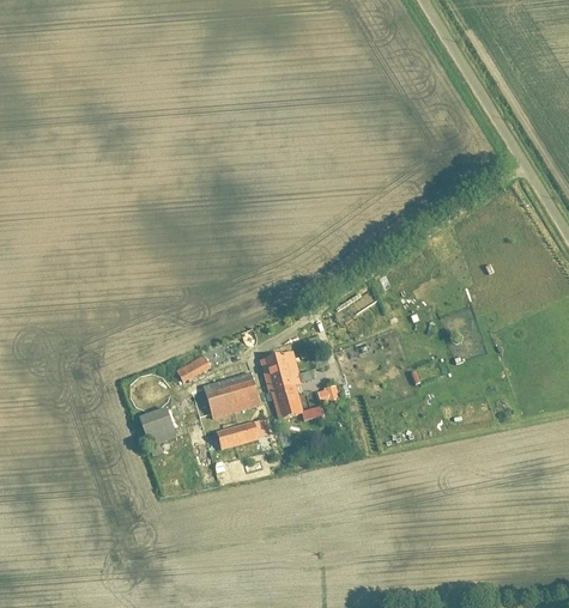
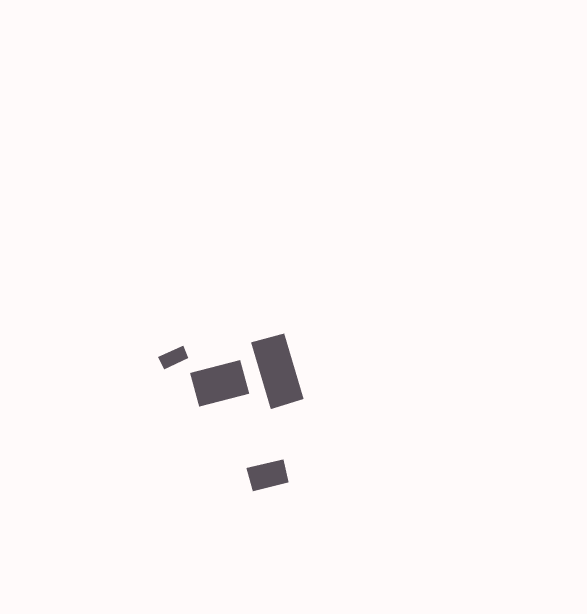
building: [140,409,176,446] -> none
building: [217,419,256,449] -> [246,459,289,492]

